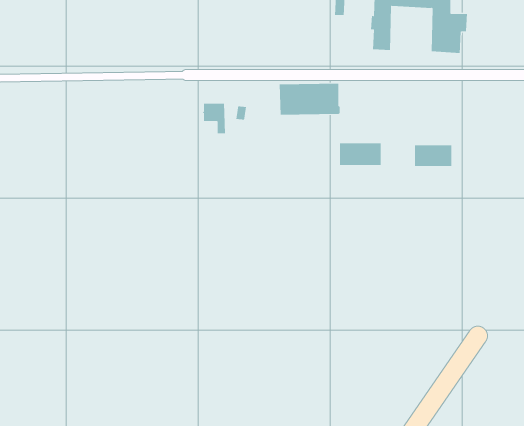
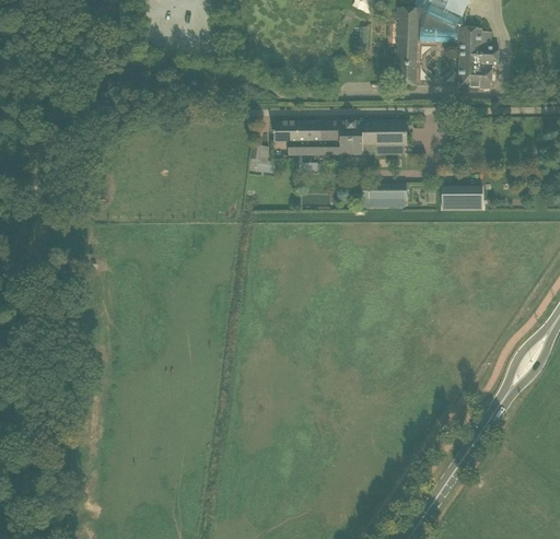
building: none -> [362,121,407,155]
building: [202,103,226,134] -> [273,122,299,155]

